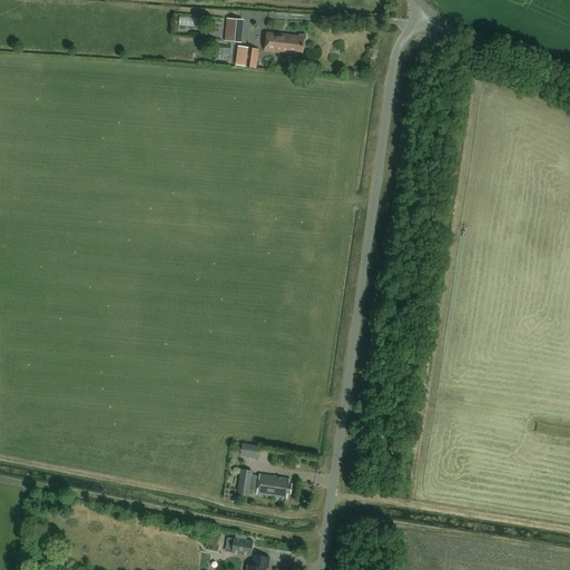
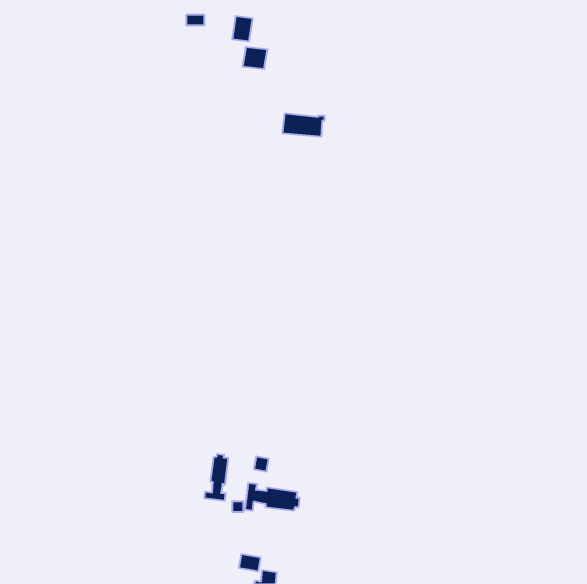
building: [264,31,305,53] -> [282,114,325,137]
building: none -> [204,454,228,501]

